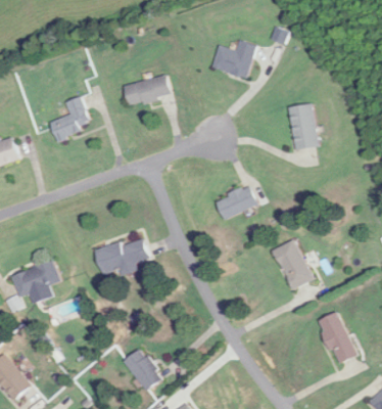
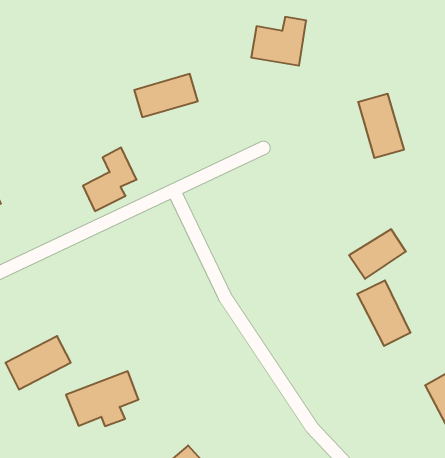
building: [49,96,89,141] -> [83,148,137,211]
building: [214,185,256,220] -> [349,229,406,279]
building: [94,236,147,275] -> [66,371,139,426]

